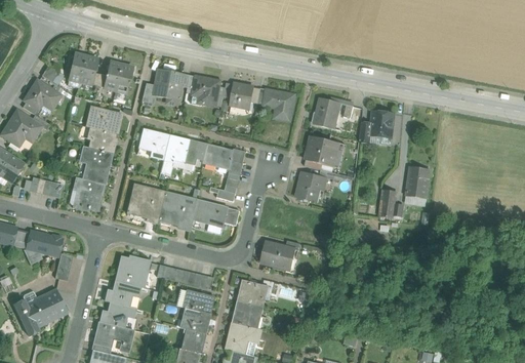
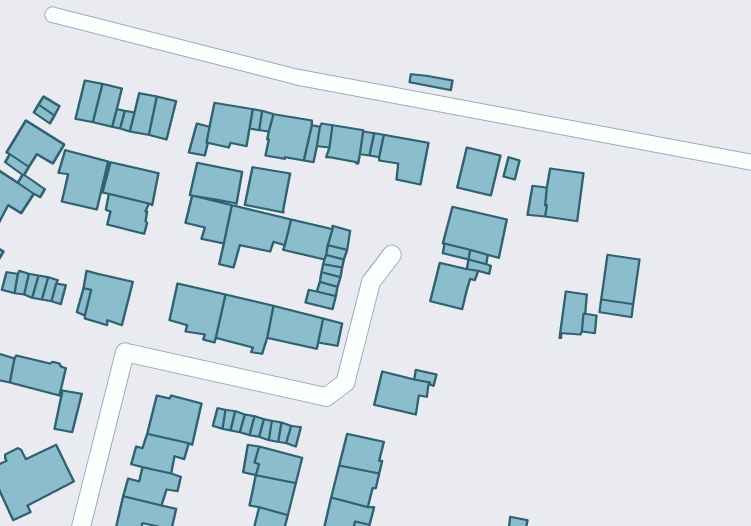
building: none -> [190,163,242,204]
building: none -> [245,167,290,213]
building: [81,146,113,184] -> [59,150,108,209]

